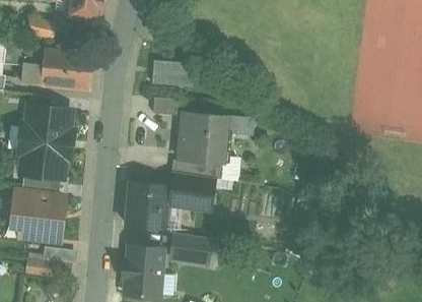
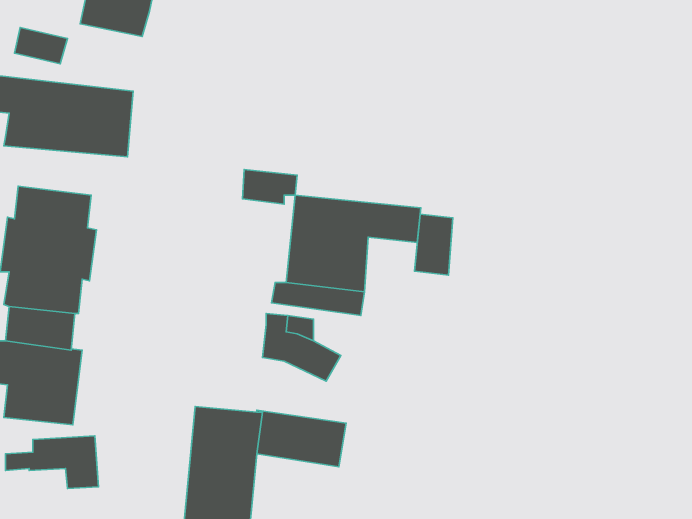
building: [152,60,195,86] -> none
building: none -> [414,214,453,275]
building: [128,180,167,229] -> none

